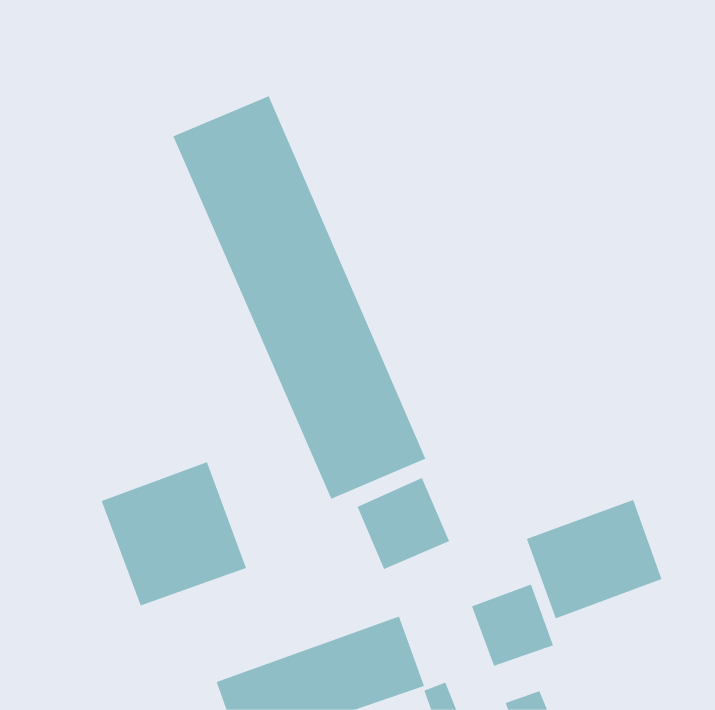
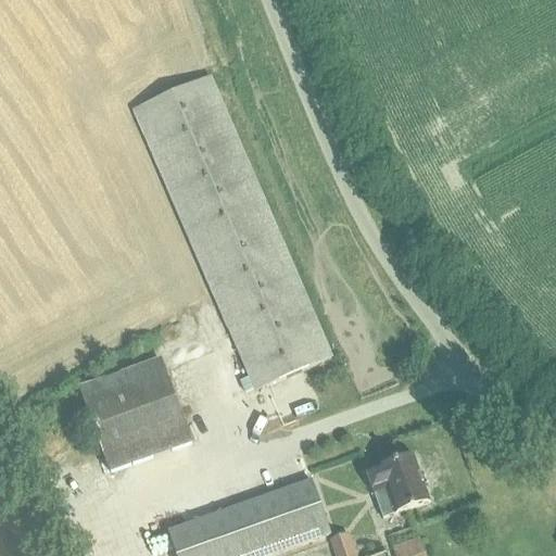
building: [357,477,450,570] -> none
building: [526,499,662,619] -> none

